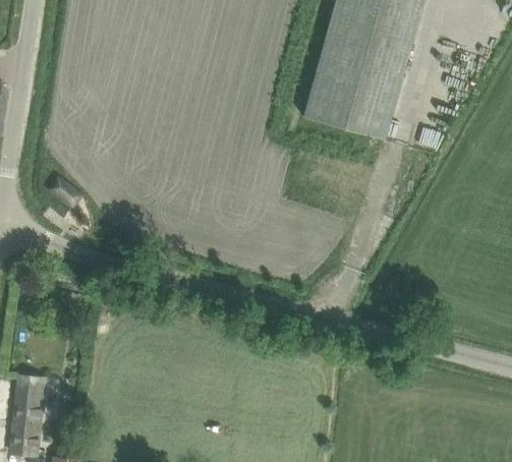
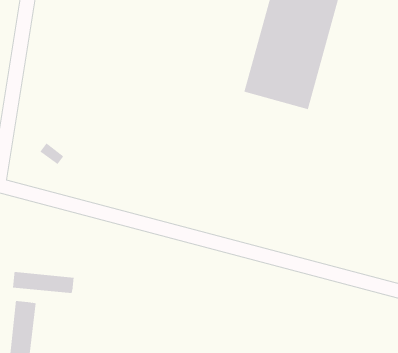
building: none -> [13,271,74,294]

